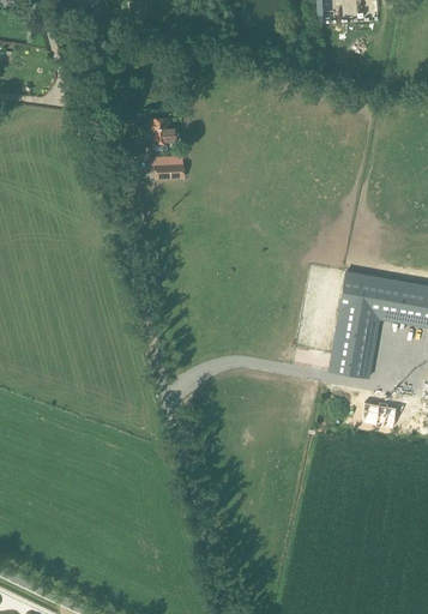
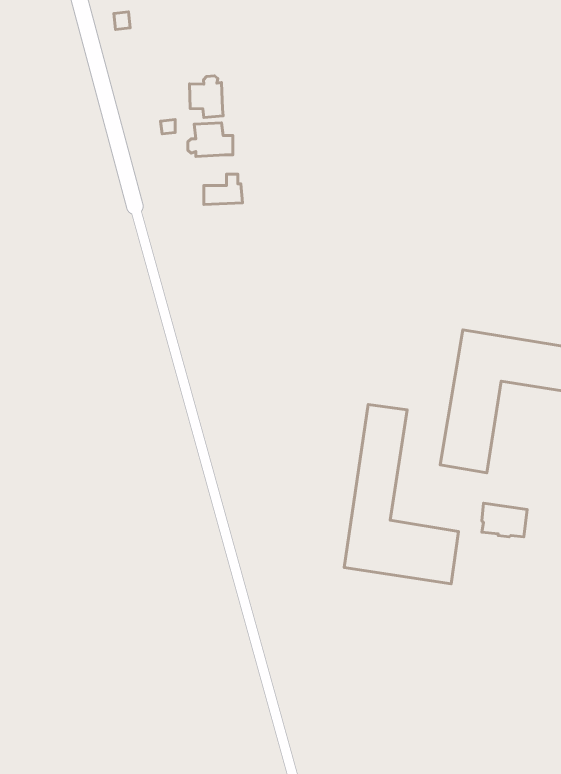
building: none -> [189,76,223,117]
building: none -> [344,405,458,584]

